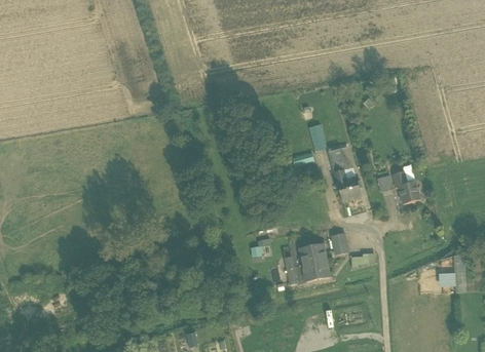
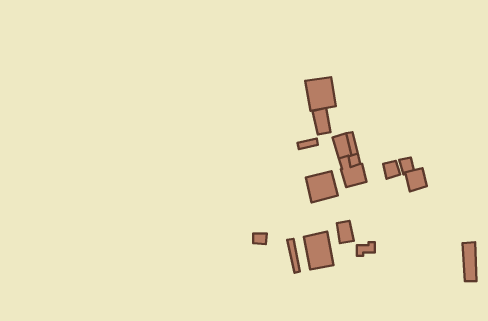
building: none -> [305,77,336,111]
building: none -> [306,171,338,202]

